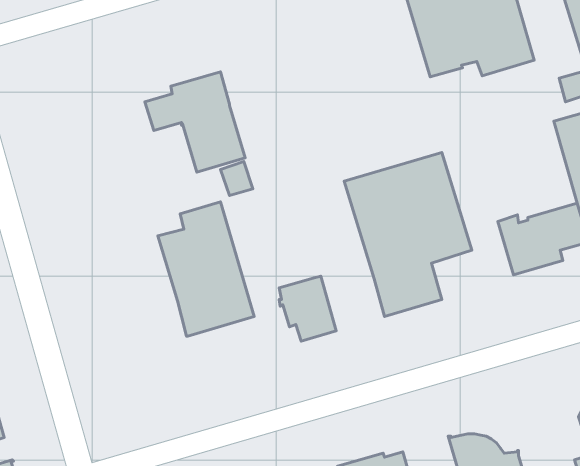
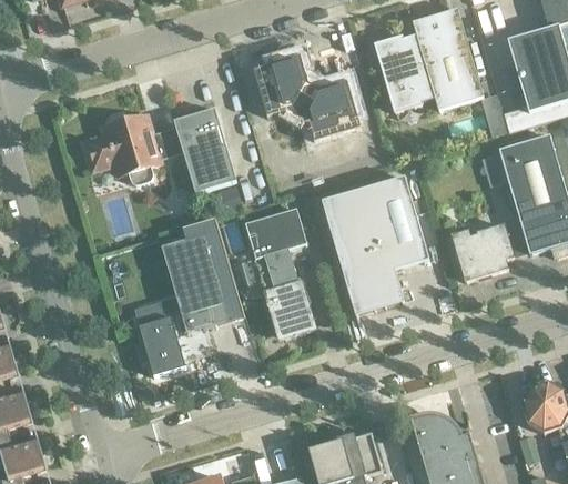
building: none -> [252,54,361,141]
building: none -> [84,113,160,183]
building: none -> [244,208,306,291]
building: none -> [135,302,212,375]

